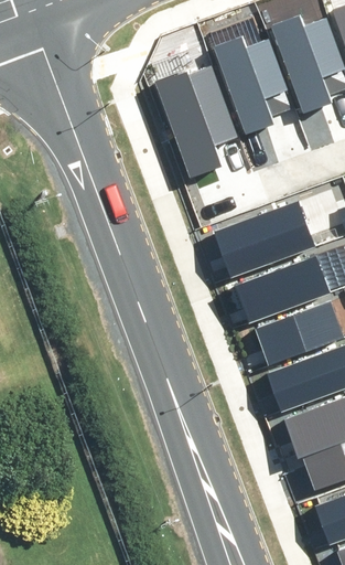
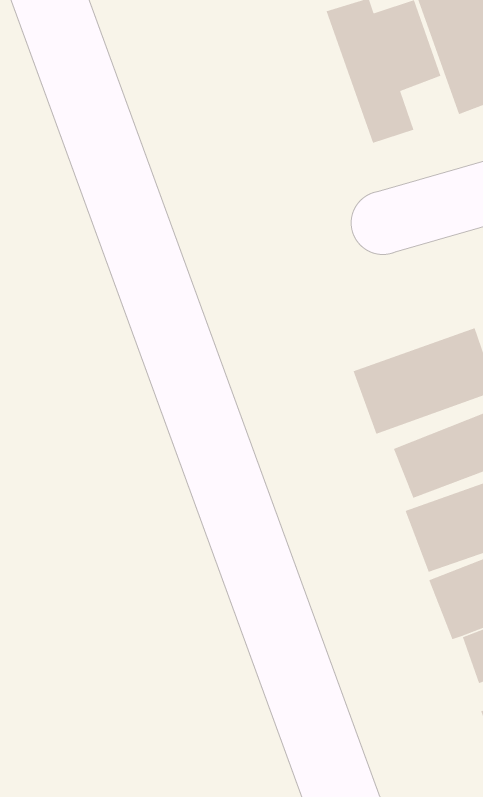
building: [153,65,242,179] -> none
building: [218,206,312,276] -> none

